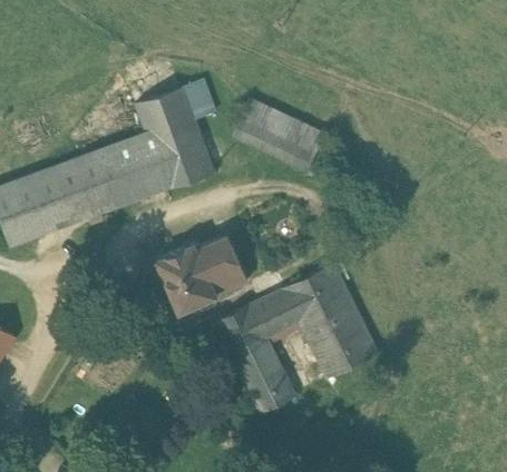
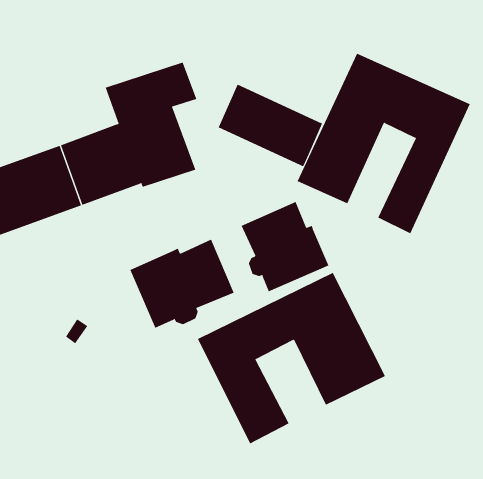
building: none -> [297,53,471,234]
building: none -> [241,201,329,292]

